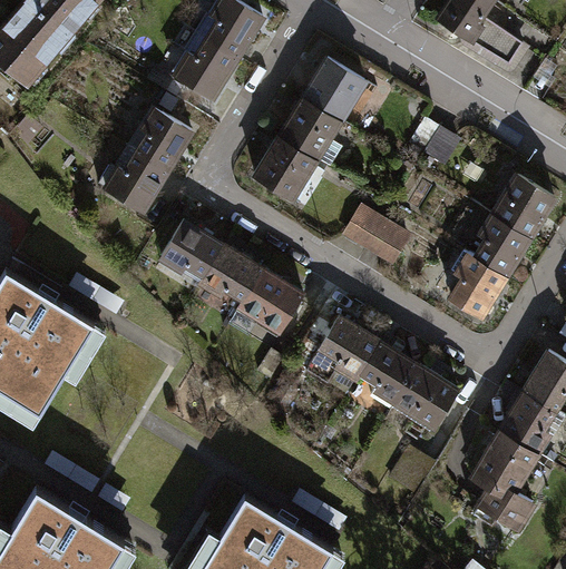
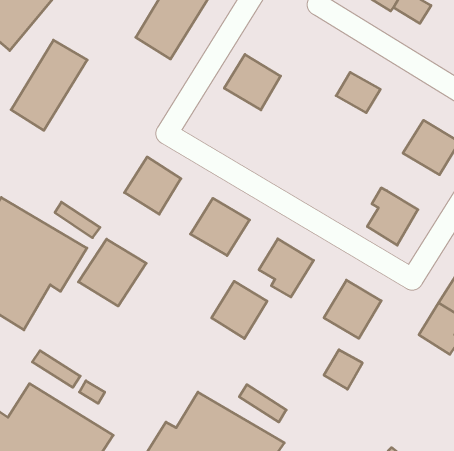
building: [299,58,364,122] -> none
building: [101,108,192,215] -> [11,40,87,130]
building: [251,137,318,202] -> none
building: [340,205,410,268] -> none
building: [467,214,529,281] -> none
building: [197,244,261,310] -> none
building: none -> [78,239,146,306]
building: [353,341,419,409] -> [212,281,267,339]
building: [477,429,541,528] -> none

